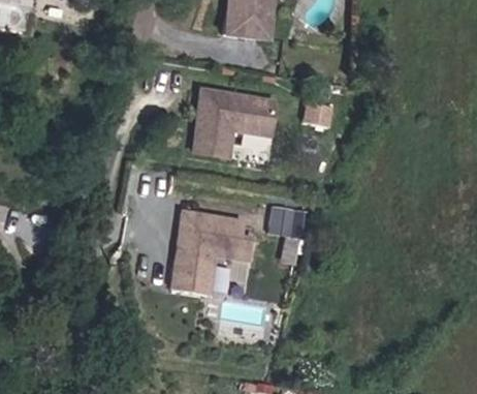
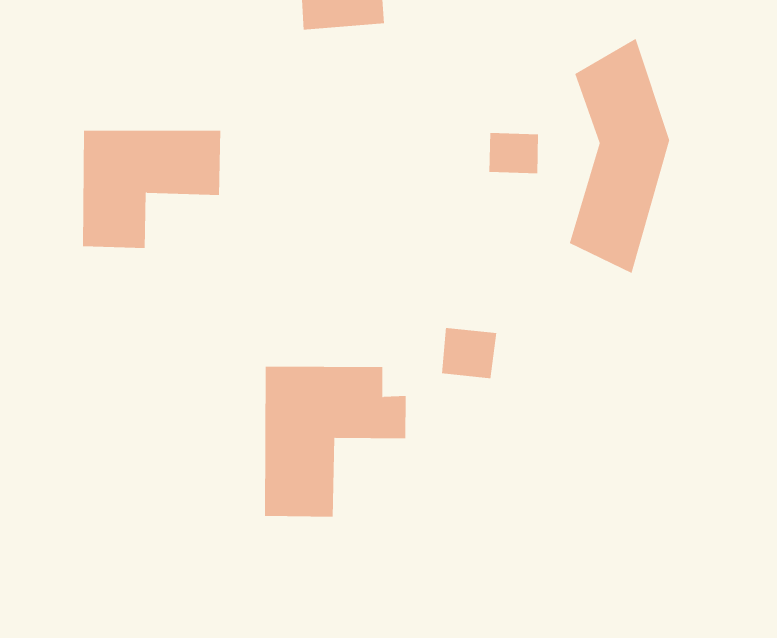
building: none -> [569,38,670,274]
building: [191,92,272,158] -> [82,130,221,248]

